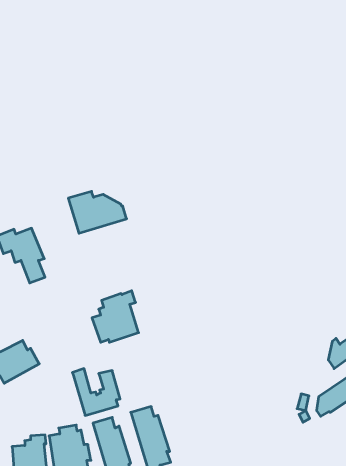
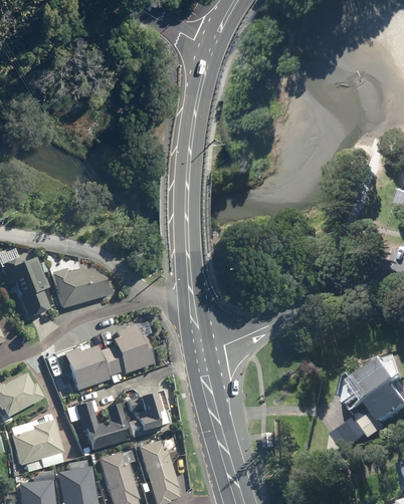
building: [68,191,127,233] -> [51,266,112,309]
building: none -> [58,347,108,393]
building: none -> [128,395,160,438]
building: none -> [12,417,63,471]

